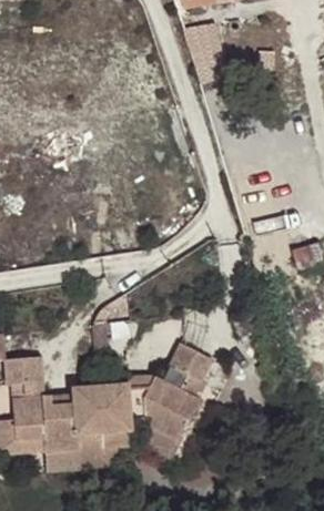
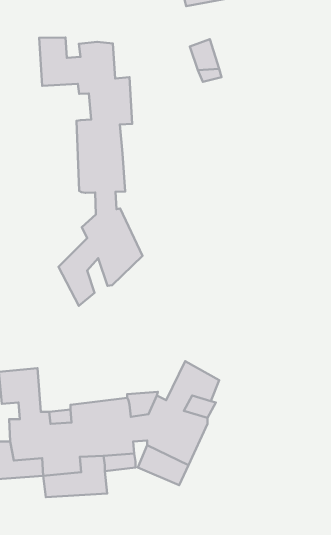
building: none -> [39,37,143,306]

